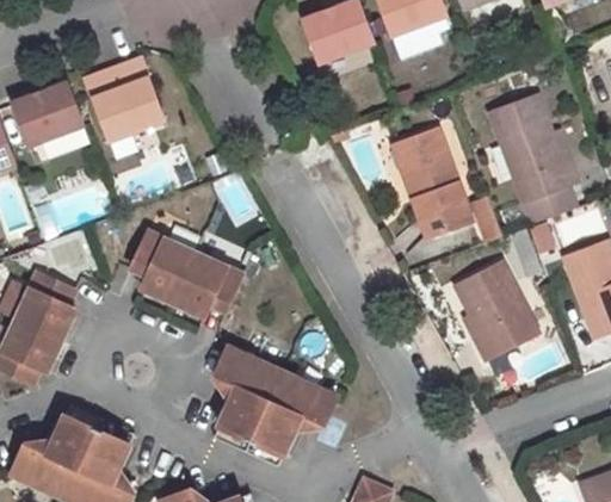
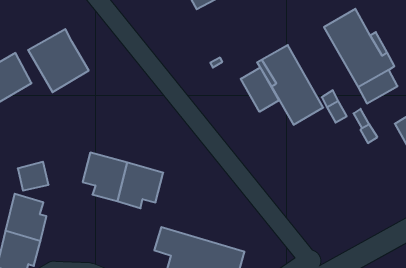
building: none -> [241,67,279,112]
building: [455,264,537,360] -> none

